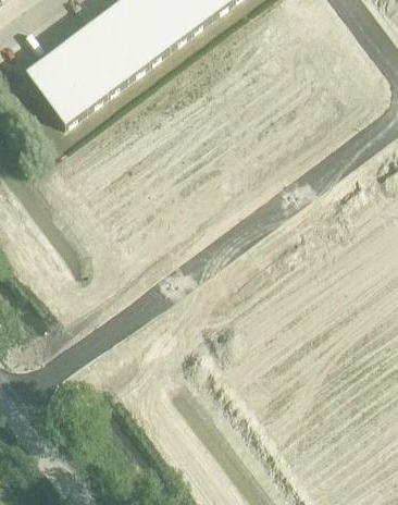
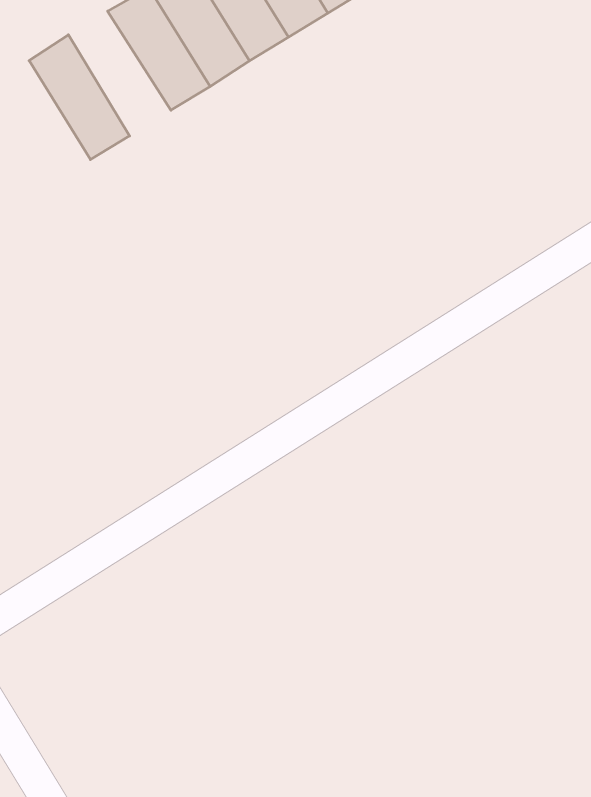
building: [47,39,108,108] -> none

